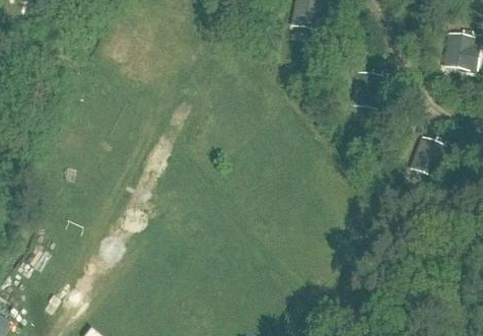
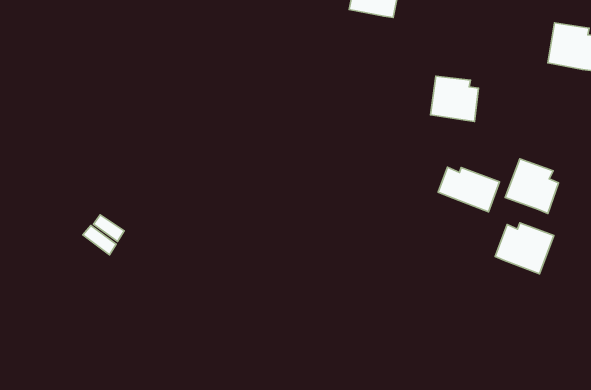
building: none -> [438,167,500,212]
building: none -> [495,223,554,274]

